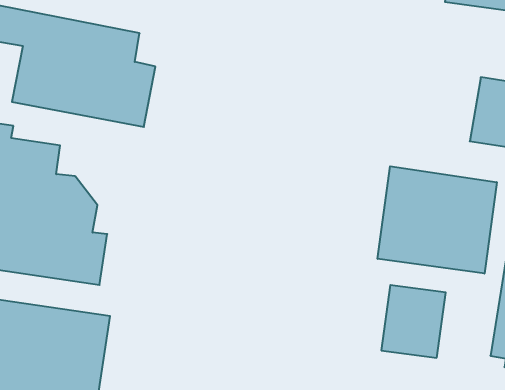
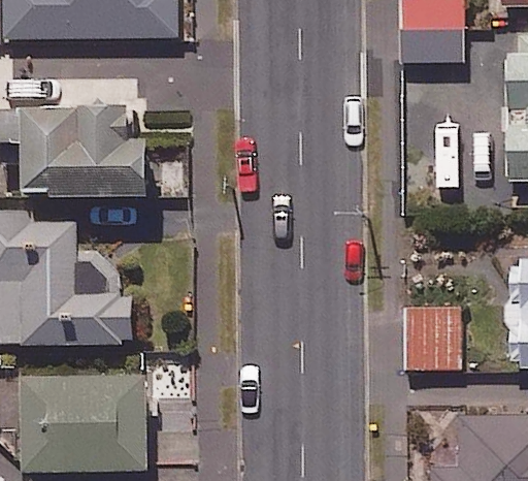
building: [378,166,497,274] -> none

